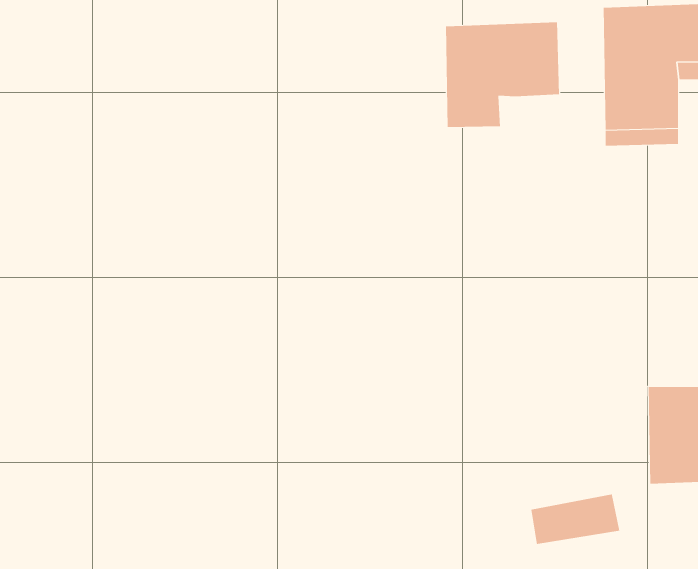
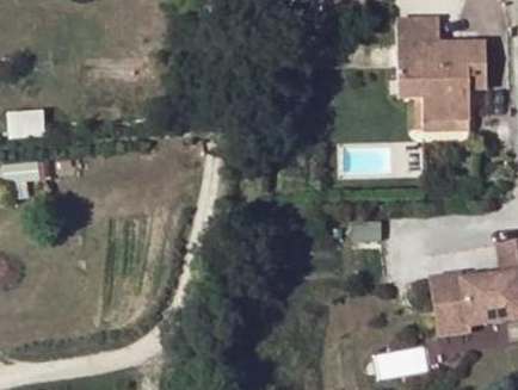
building: [445,22,559,128] -> none

